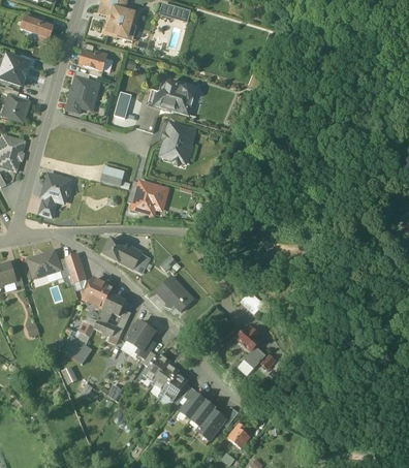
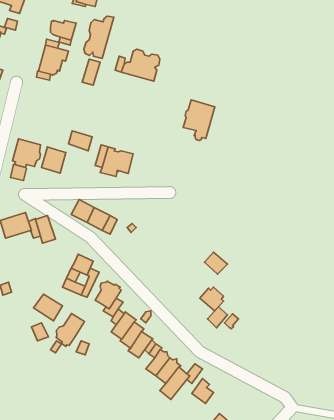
building: none -> [84,16,114,59]
building: [161,122,194,164] -> [183,100,215,141]
building: none -> [42,147,66,173]
building: [84,278,113,303] -> none
building: [156,278,193,312] -> none
building: none -> [56,314,85,346]

